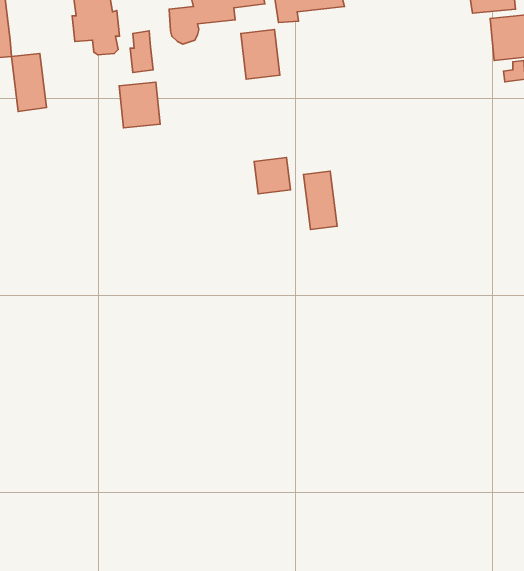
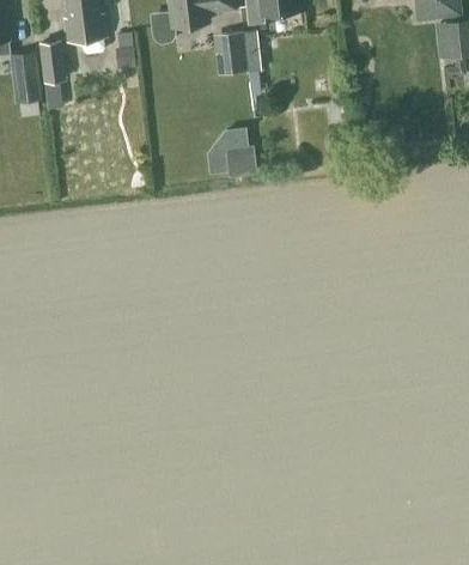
building: none -> [41,41,63,80]
building: [119,82,160,128] -> none
building: [304,171,337,229] -> none

